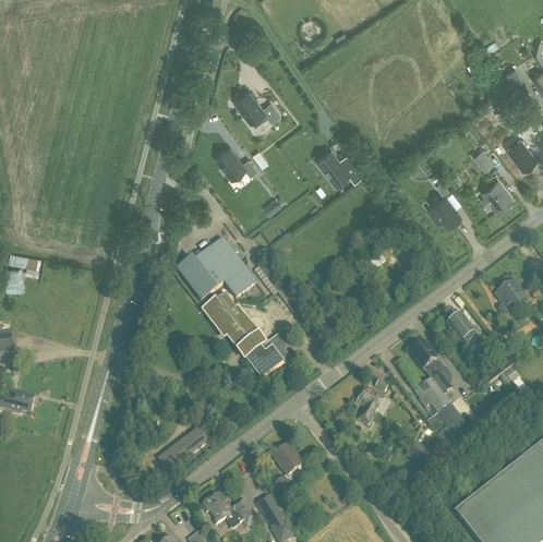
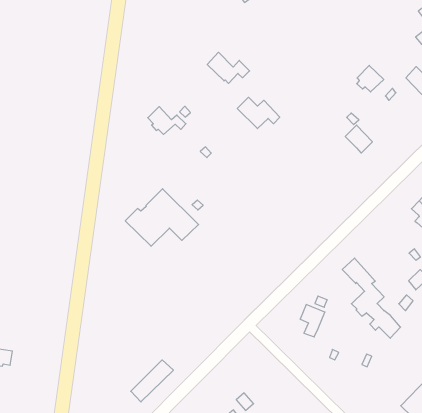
building: [233,88,279,124] -> [207,52,250,83]
building: [481,179,511,208] -> [357,65,384,92]
building: [207,293,292,377] -> none
building: [446,312,480,348] -> none
building: [272,442,303,474] -> none

